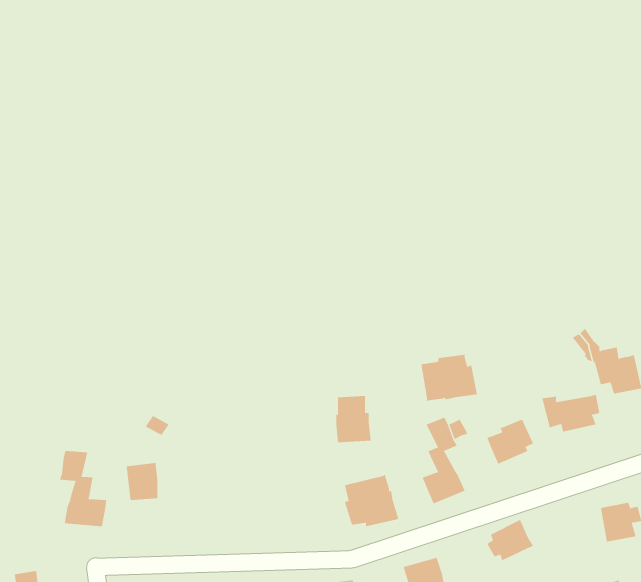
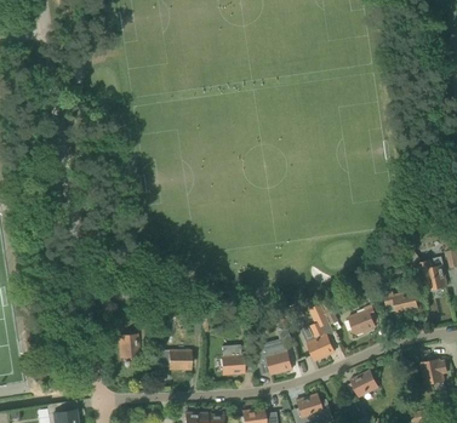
building: [421,354,478,402] -> none
building: [335,395,371,443] -> [222,344,245,375]
building: [59,450,107,527] -> none
building: none -> [162,349,195,370]

